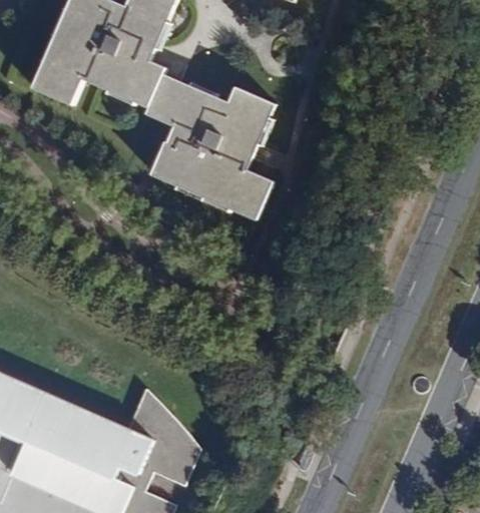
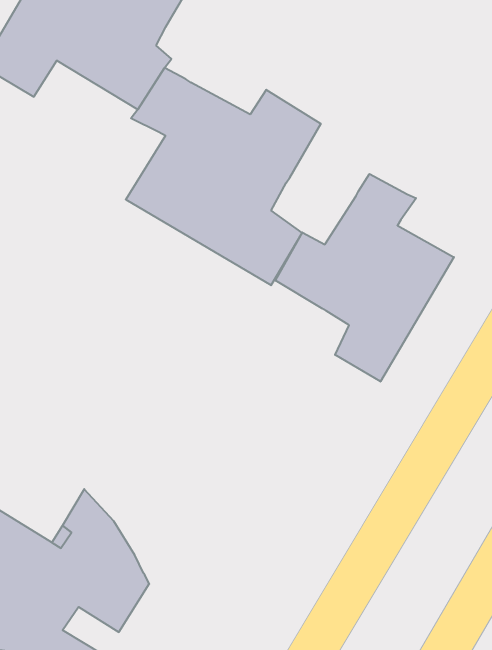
building: none -> [275,174,454,382]

